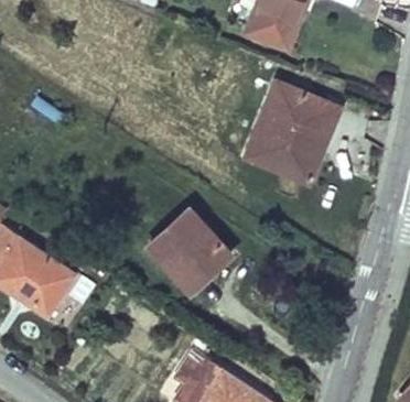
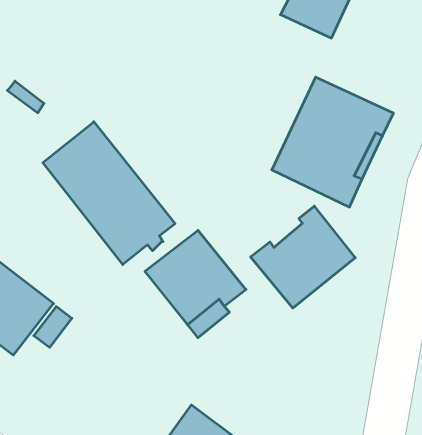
building: none -> [43,122,175,265]
building: none -> [251,206,355,308]

